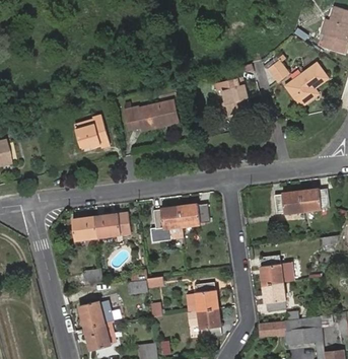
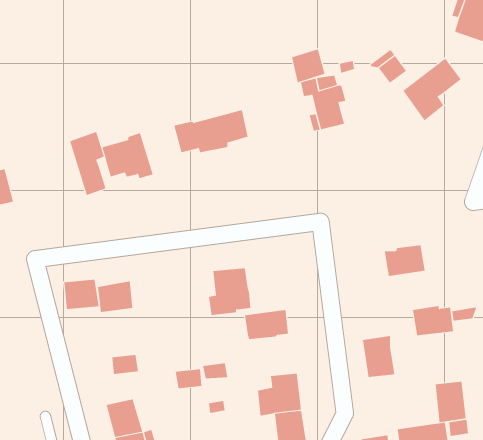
building: none -> [292,48,325,83]
building: none -> [69,131,106,196]
building: [300,190,330,211] -> [412,306,454,336]
building: [177,205,208,226] -> [244,309,289,340]
building: [95,216,121,237] -> [63,279,99,309]
building: [263,284,285,313] -> [435,381,466,423]

